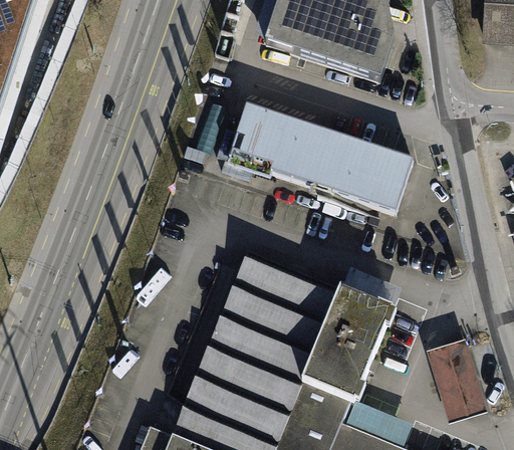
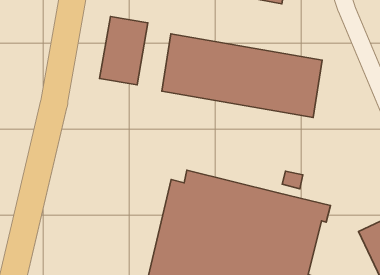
building: none -> [100,16,148,85]

